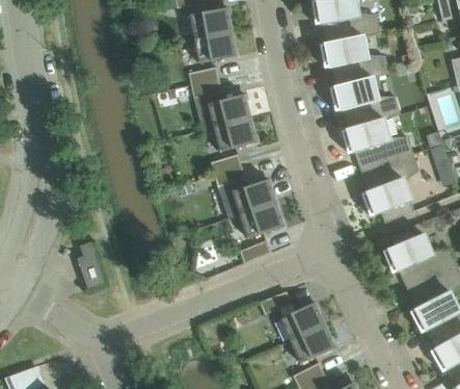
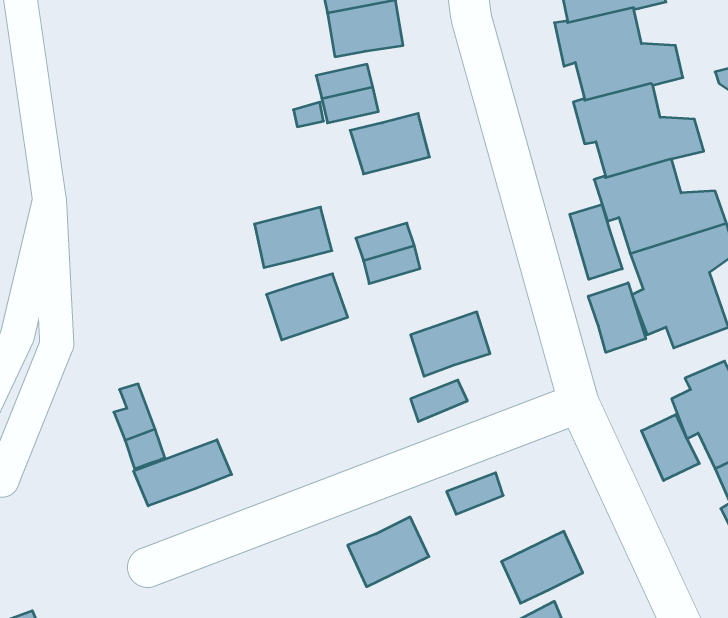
building: [214,118,256,151] -> [254,207,332,268]
building: none -> [570,204,622,279]
building: [232,179,276,215] -> [266,274,348,340]
building: none -> [588,283,646,352]
building: none -> [641,415,699,481]
building: none -> [134,440,232,506]
building: [279,302,324,340] -> [348,517,429,587]

